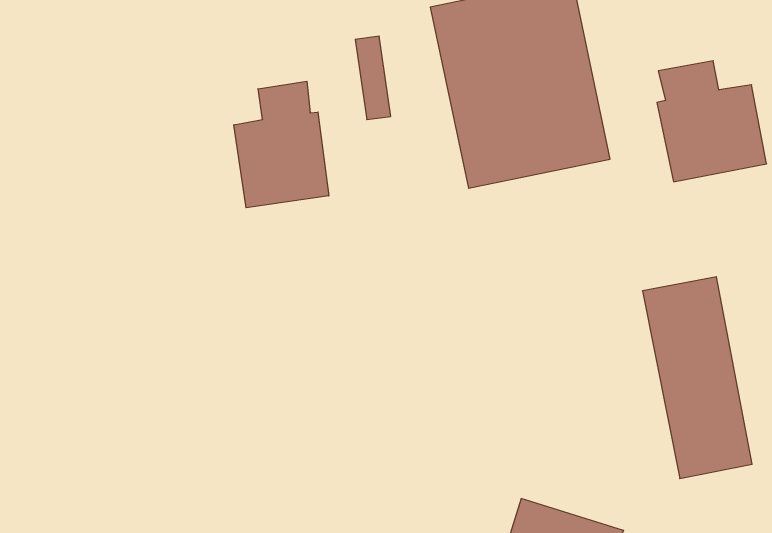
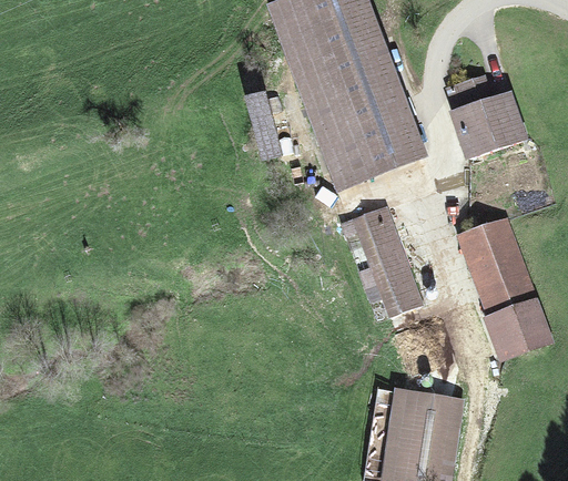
building: [234,81,329,208] -> none
building: none -> [354,209,420,314]

